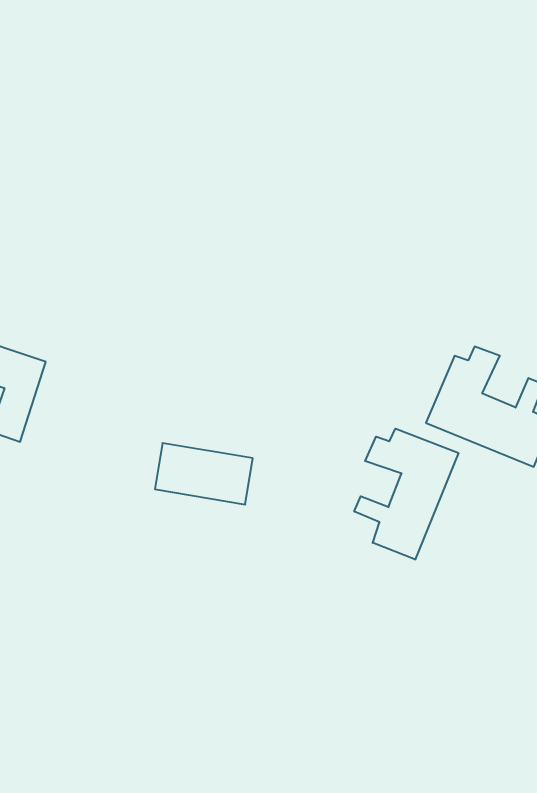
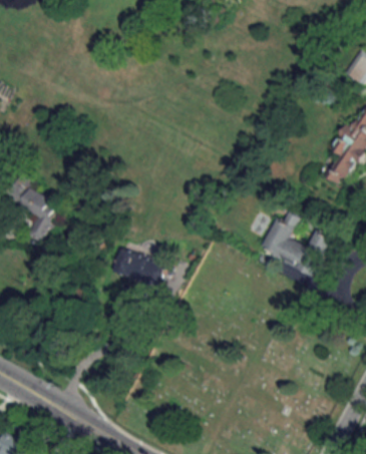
building: [354,429,458,560] -> none

